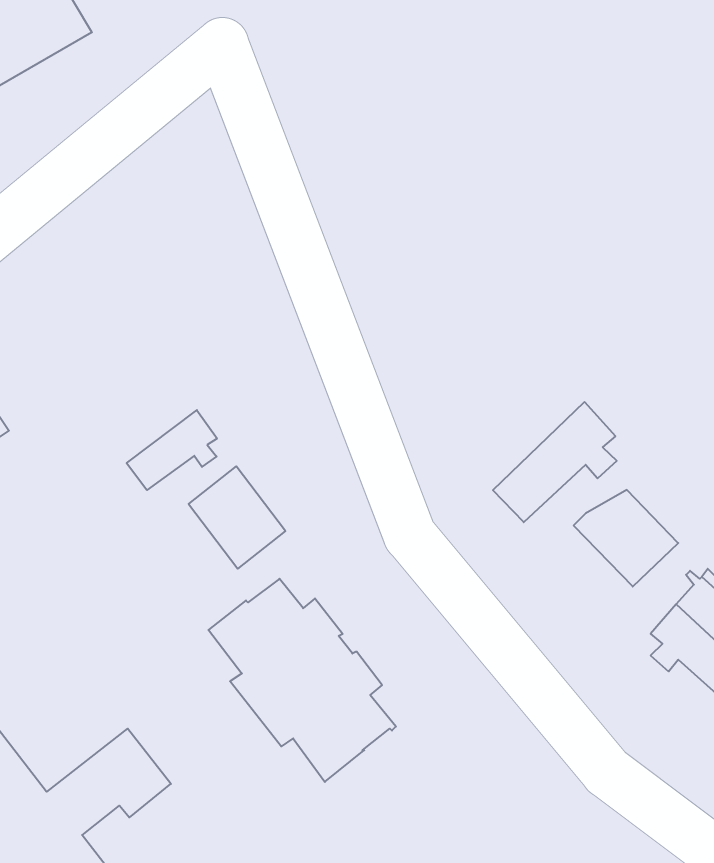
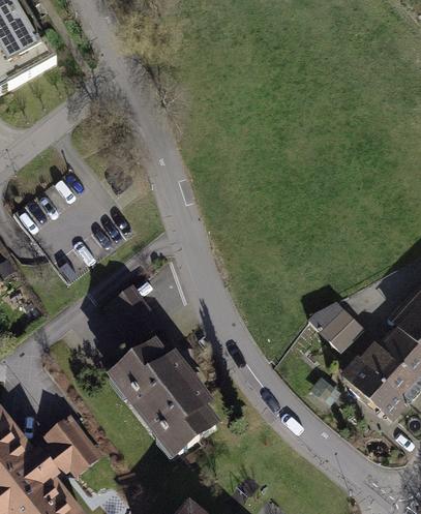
building: [493,402,617,522] -> none
building: [127,410,217,490] -> none

